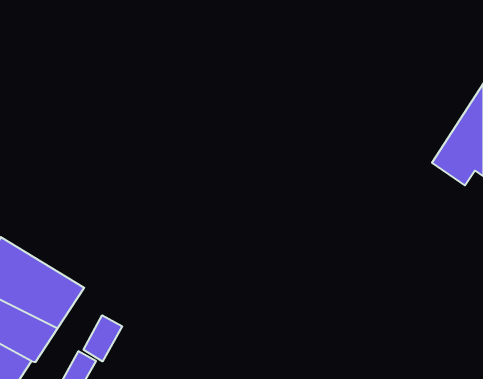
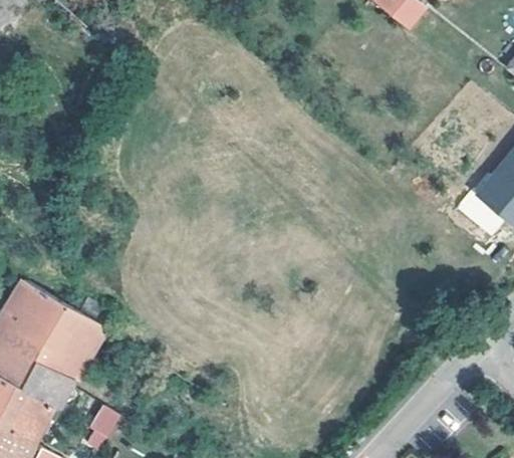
building: [84,315,122,361] -> none

